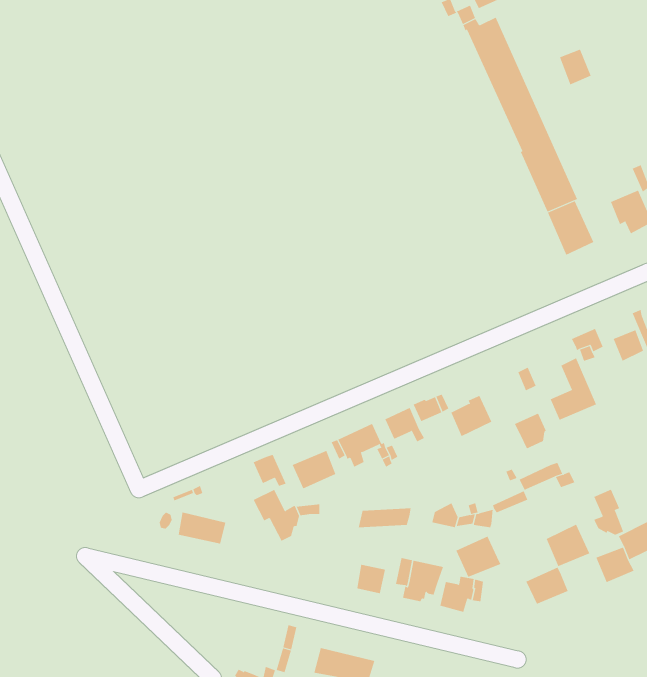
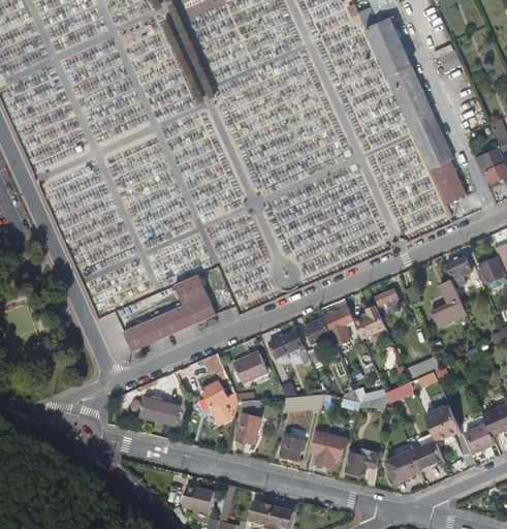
building: none -> [123,276,216,351]
building: [514,413,547,449] -> [373,288,398,316]
building: [594,489,624,536] -> none
building: none -> [235,412,260,441]
building: [456,536,501,577] -> [384,449,419,481]
building: none -> [181,485,213,512]

